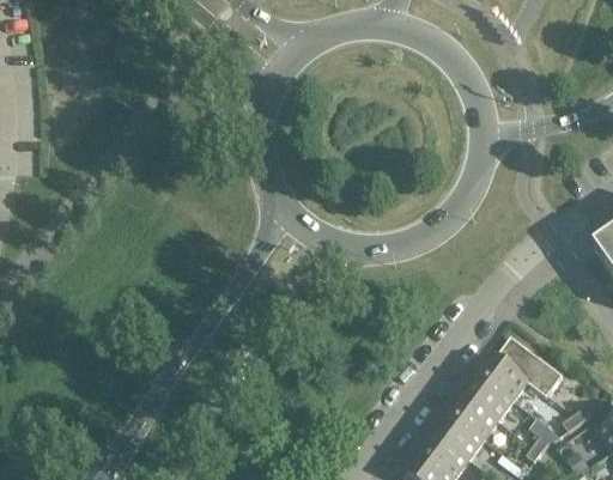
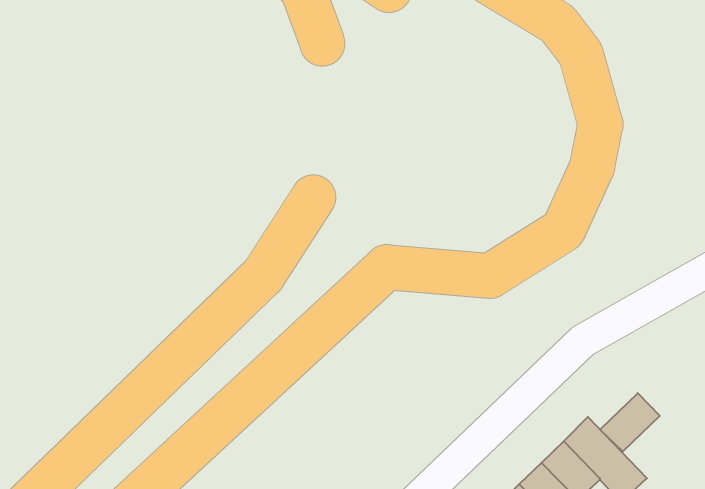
building: none -> [601,393,660,452]

